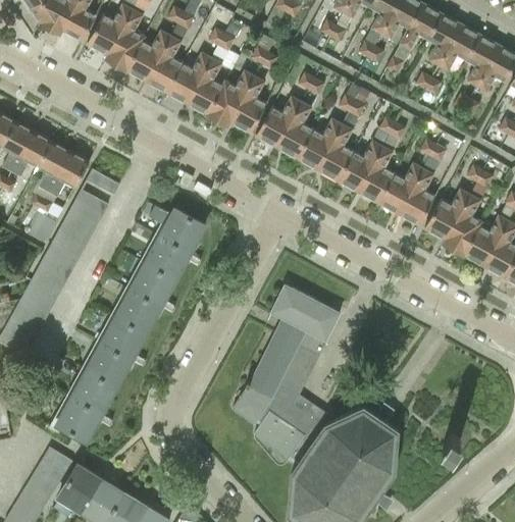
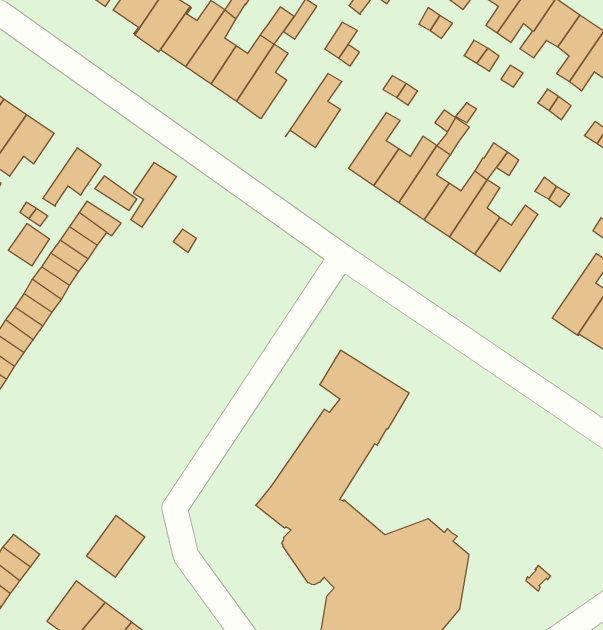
building: [207,69,255,126] -> none
building: [256,95,302,146] -> none
building: [39,141,70,191] -> [131,162,177,227]
building: [400,167,436,224] -> none
building: [425,187,471,245] -> none
building: [56,208,205,440] -> none
building: [58,464,101,511] -> [87,515,145,577]

